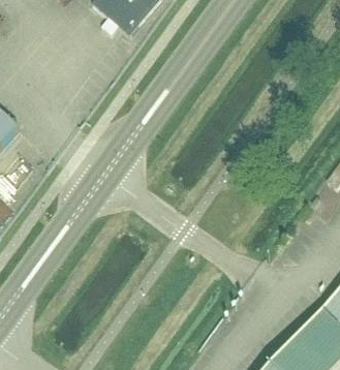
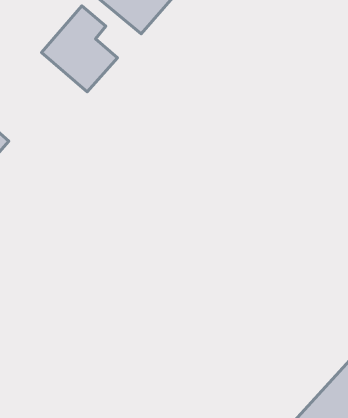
building: none -> [41,6,117,92]

